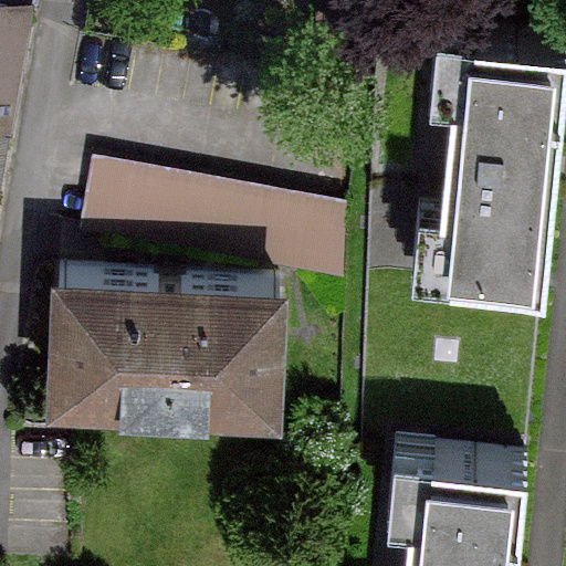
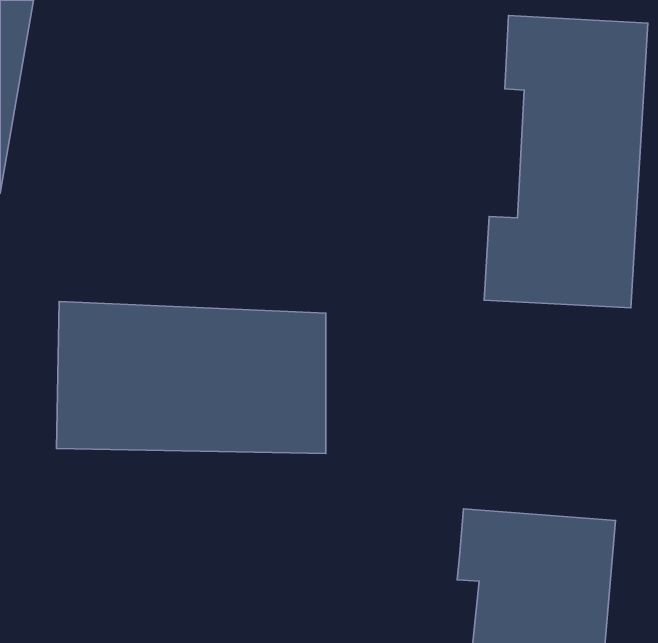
building: [80,171,346,290] -> none

